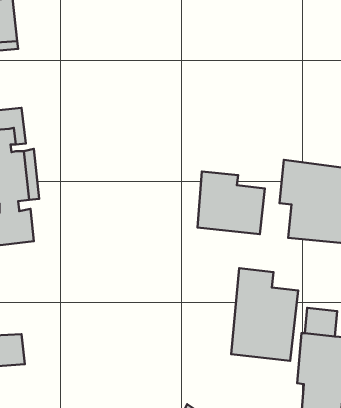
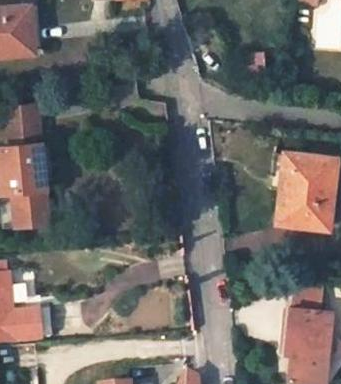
building: [197,171,265,234] -> none
building: [231,268,298,361] -> none

